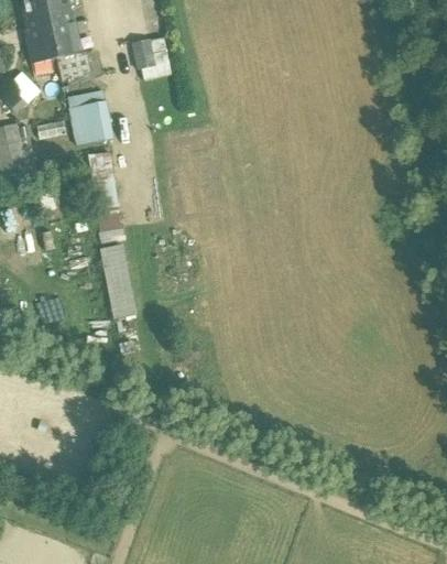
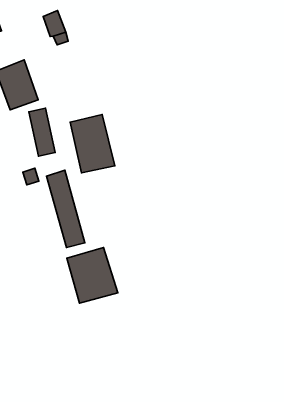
building: none -> [70,114,115,173]
building: none -> [67,248,118,303]

